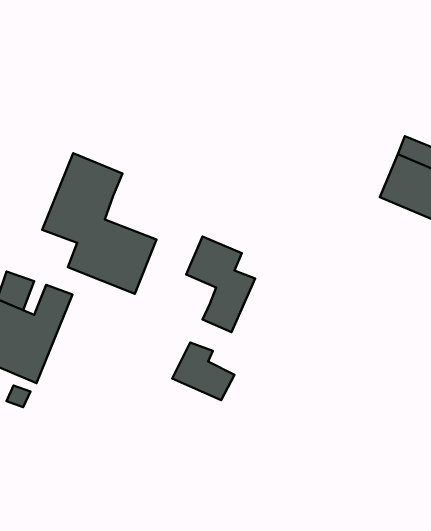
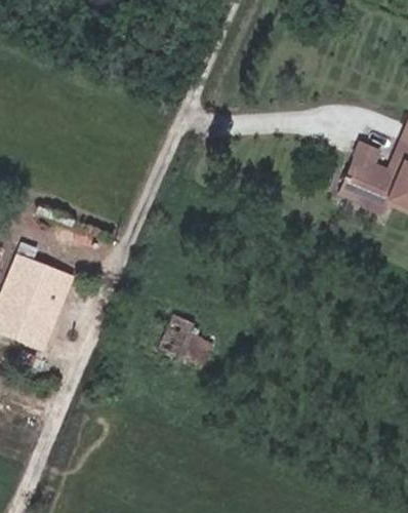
building: [42,153,157,294] -> none
building: [186,236,255,332] -> none

